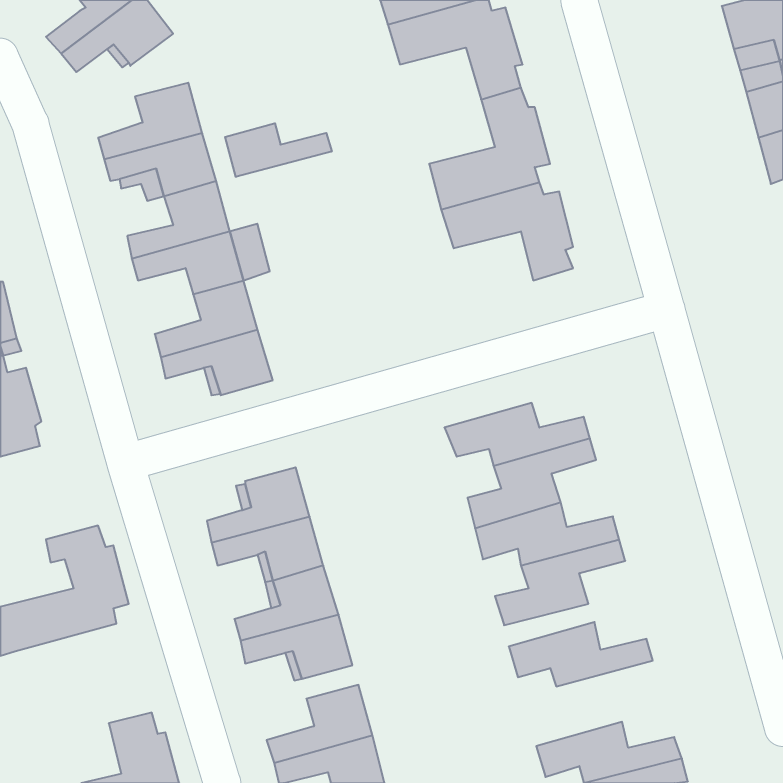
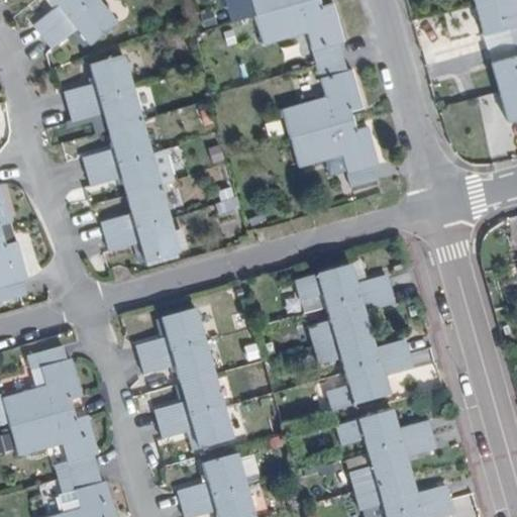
building: [225,123,332,177] -> none
building: none -> [10,411,102,477]
building: none -> [348,435,434,492]

